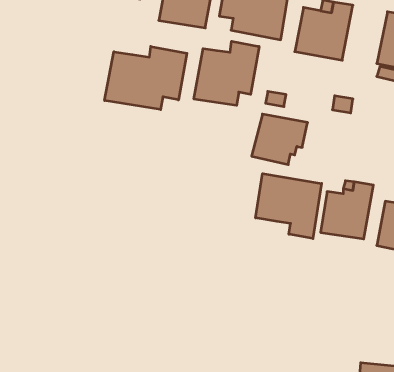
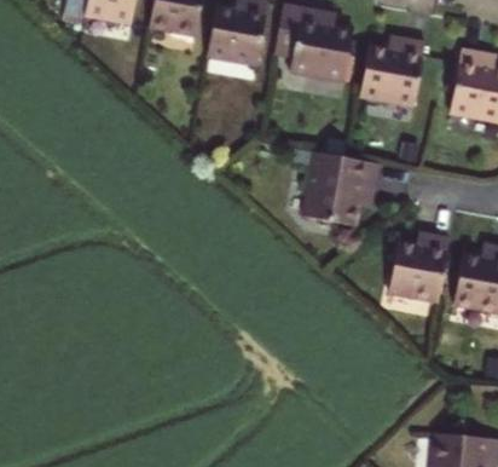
building: [194,41,259,105] -> none
building: [105,46,187,110] -> none
building: [256,174,322,239] -> none

